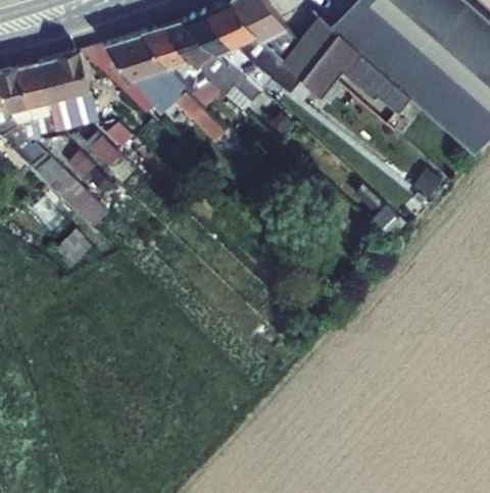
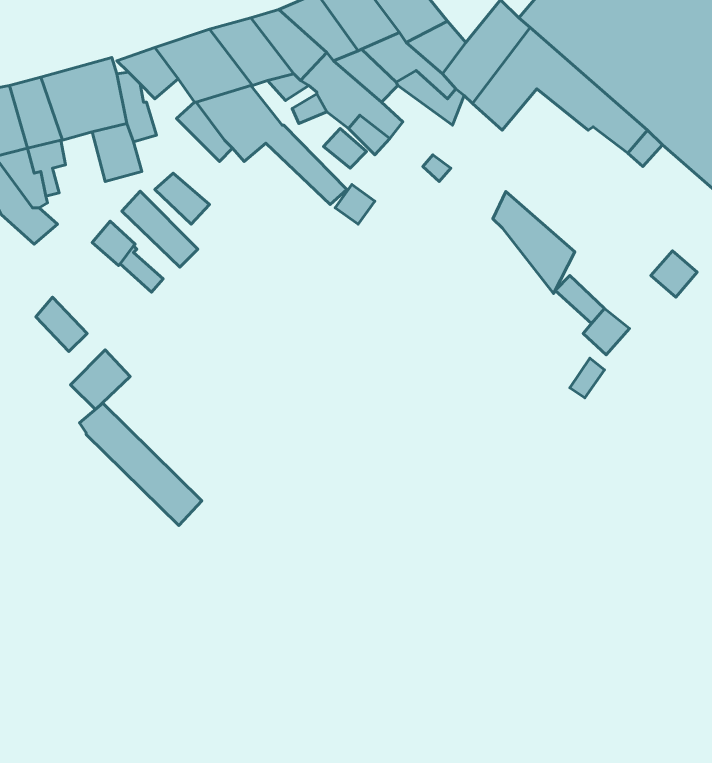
building: [43,96,76,134] -> none
building: none -> [493,191,575,294]
building: [32,153,107,229] -> [80,403,202,525]

